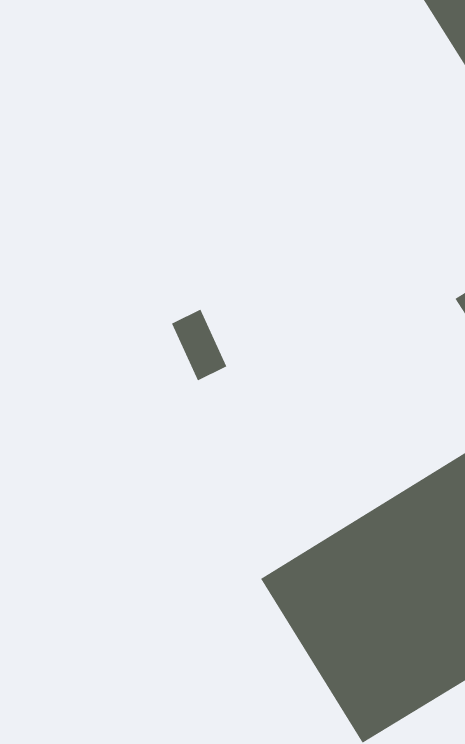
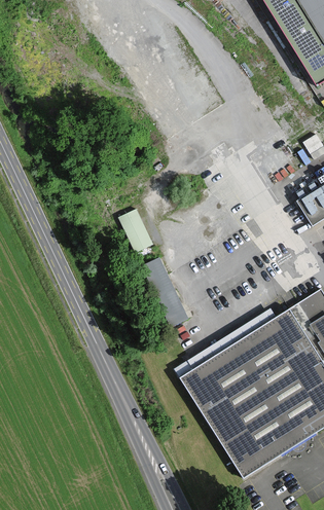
building: none -> [141,257,188,327]

